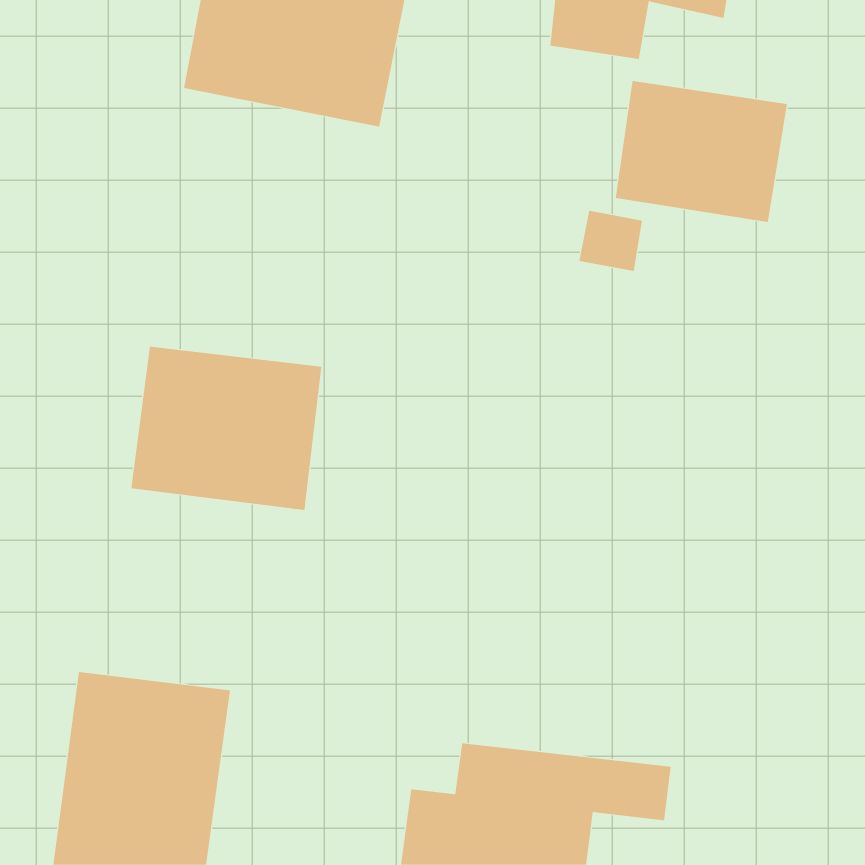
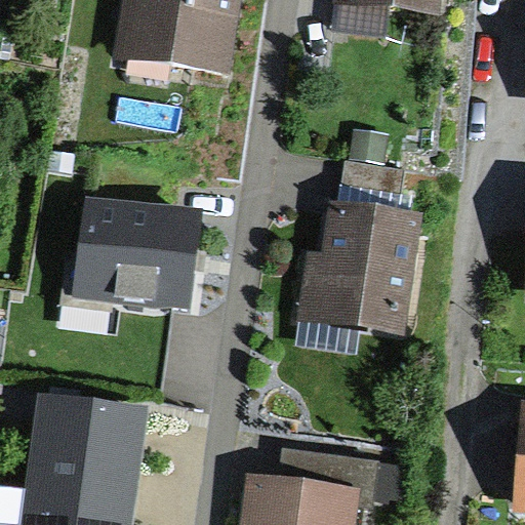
building: [615,80,787,223] -> none
building: none -> [296,161,422,336]

